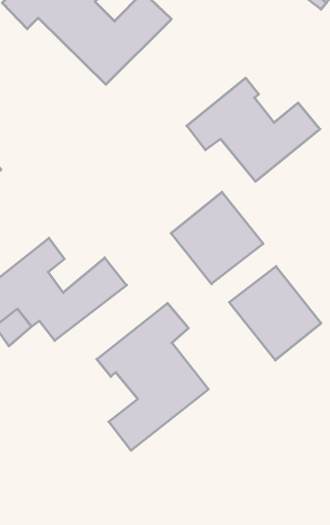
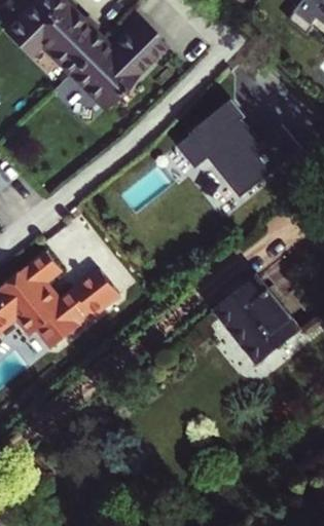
building: [171,192,263,284] -> none
building: [97,303,208,450] -> none

